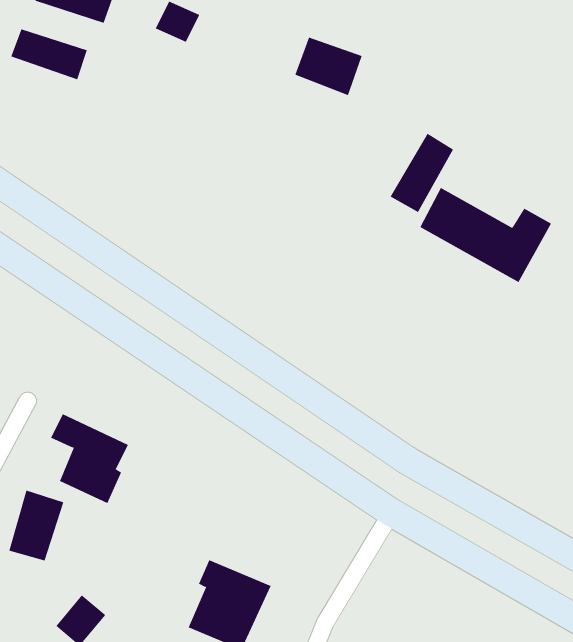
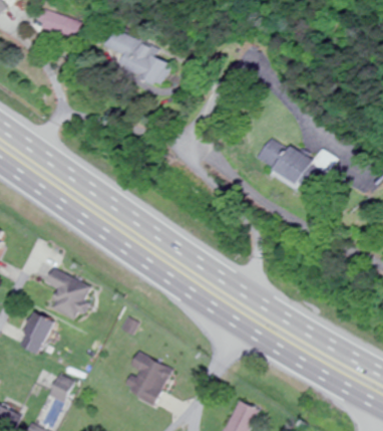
building: [11,28,88,80] -> none
building: [294,37,362,96] -> [125,50,164,84]
building: [390,133,454,213] -> none

